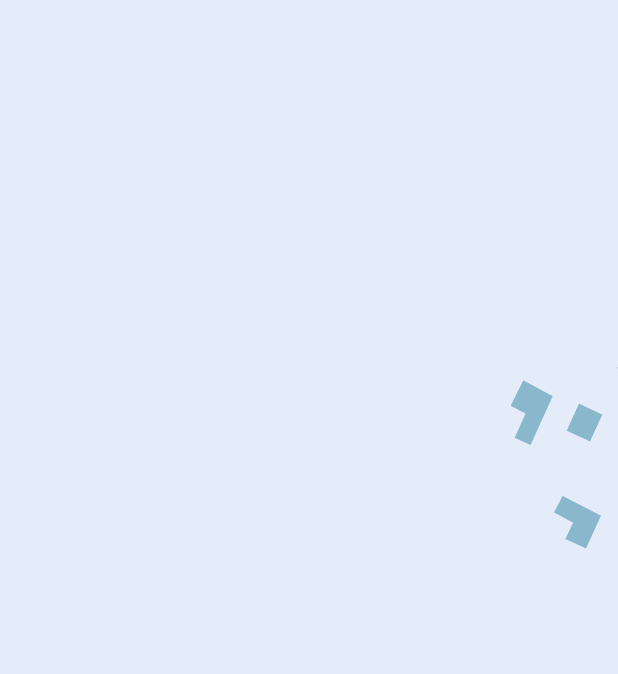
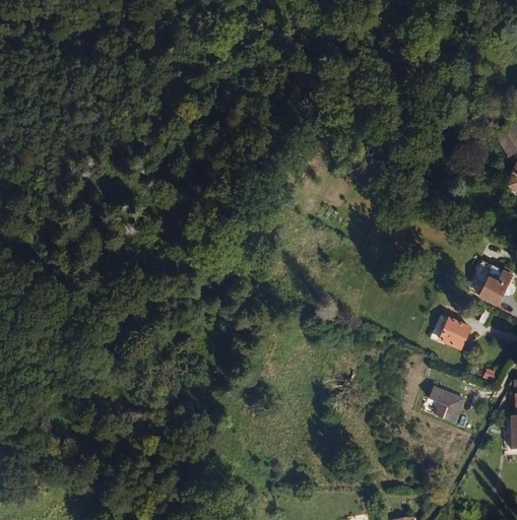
building: [510,380,553,446] -> none

